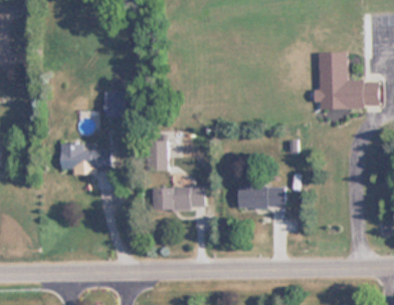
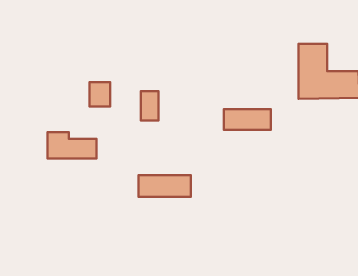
building: [149,140,167,171] -> [141,91,159,121]
building: [236,187,284,208] -> [224,109,271,130]

